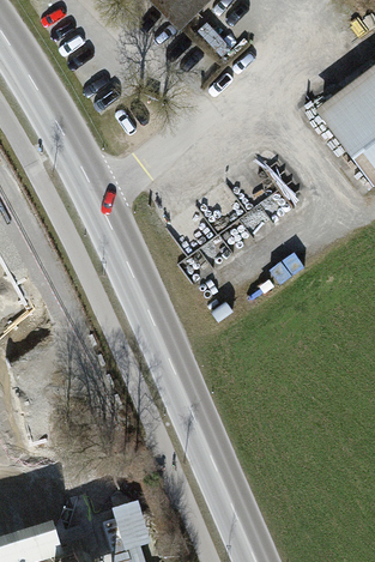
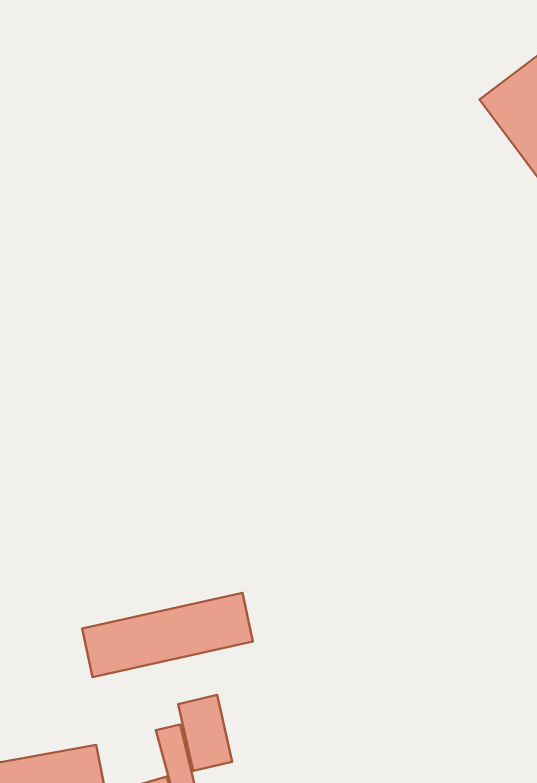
building: none -> [82,593,253,677]

